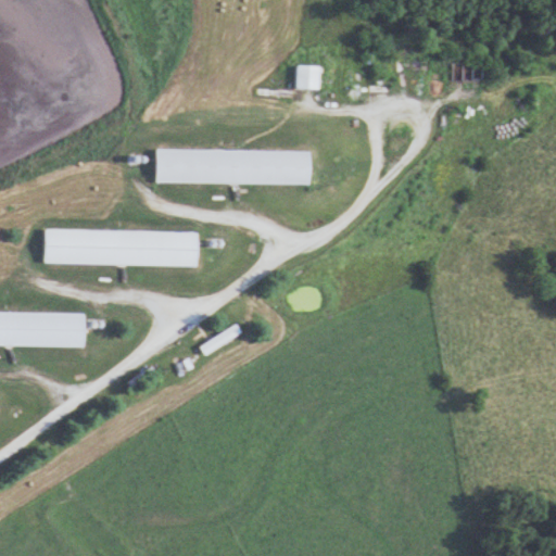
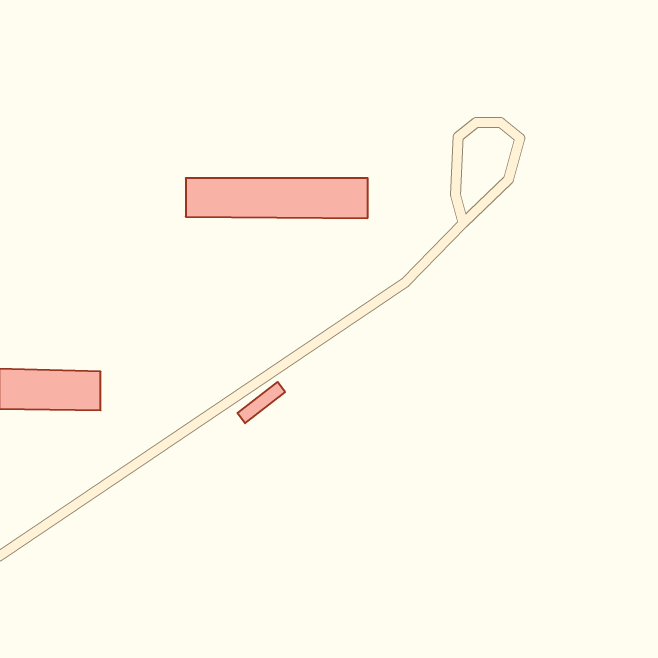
building: [295,65,319,88] -> none
building: [45,230,198,265] -> none

